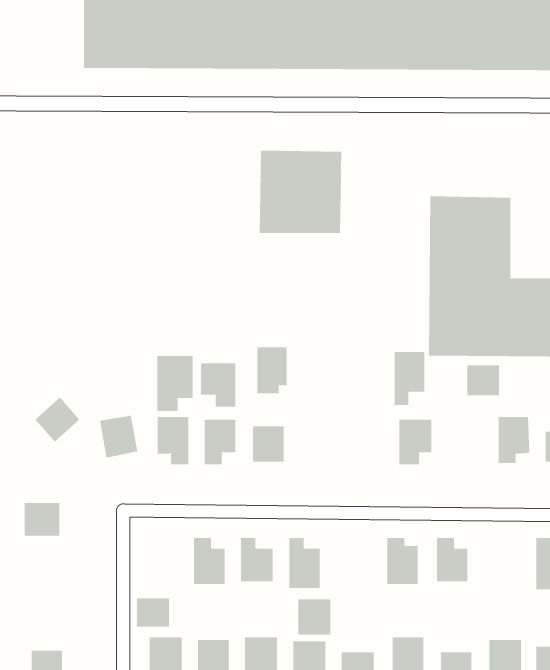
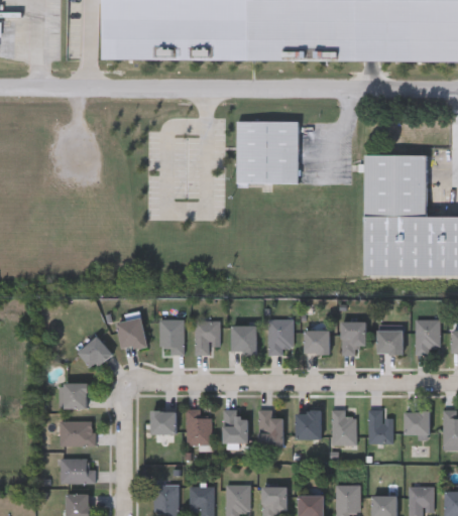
building: [257,347,288,394] -> [269,319,293,355]
building: [394,351,425,406] -> none
building: [157,355,193,412] -> none
building: [200,362,236,407] -> none
building: [466,365,500,396] -> [377,331,403,354]
building: [35,397,80,442] -> [77,337,111,371]
building: none -> [304,331,329,354]
building: none -> [405,412,430,435]
building: none -> [60,421,95,445]
building: [136,598,170,627] -> [150,412,176,434]
building: [298,599,331,635] -> [296,412,321,439]
building: none -> [60,459,96,483]

